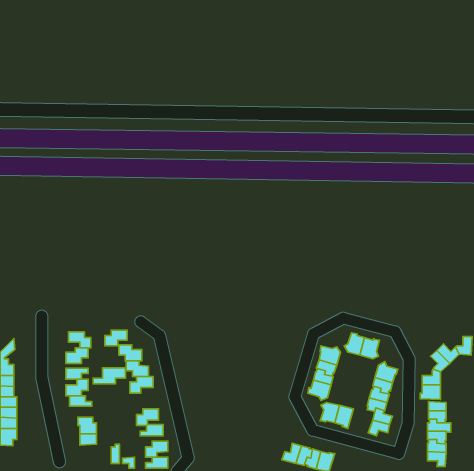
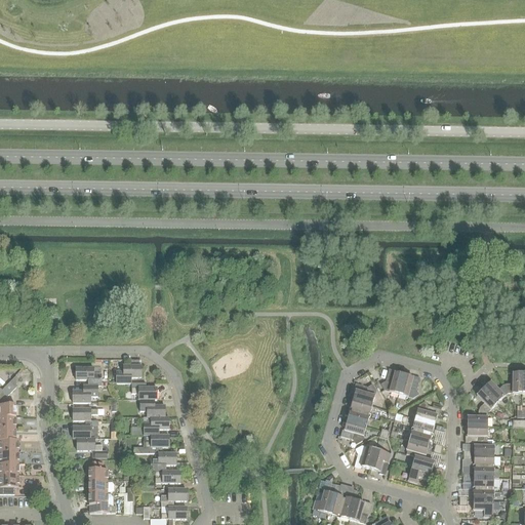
building: [93,368,126,384] -> [133,435,169,452]
building: none -> [88,491,114,511]

